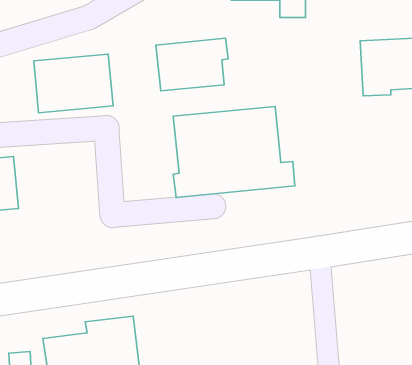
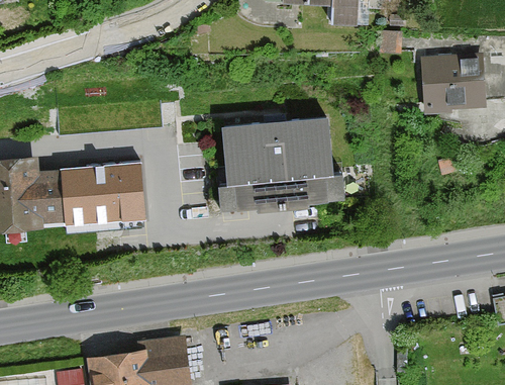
building: [156,38,228,91] -> none
building: [34,54,113,113] -> [61,163,142,223]

